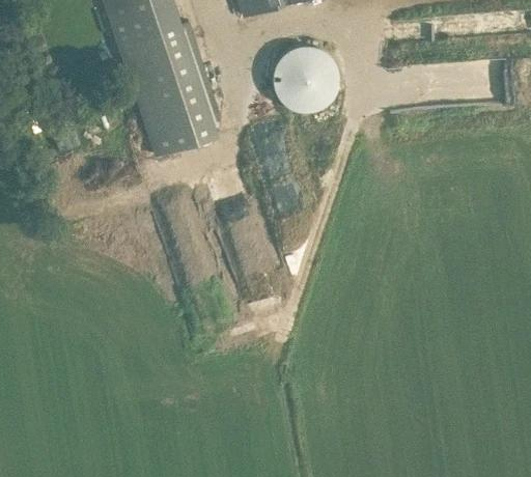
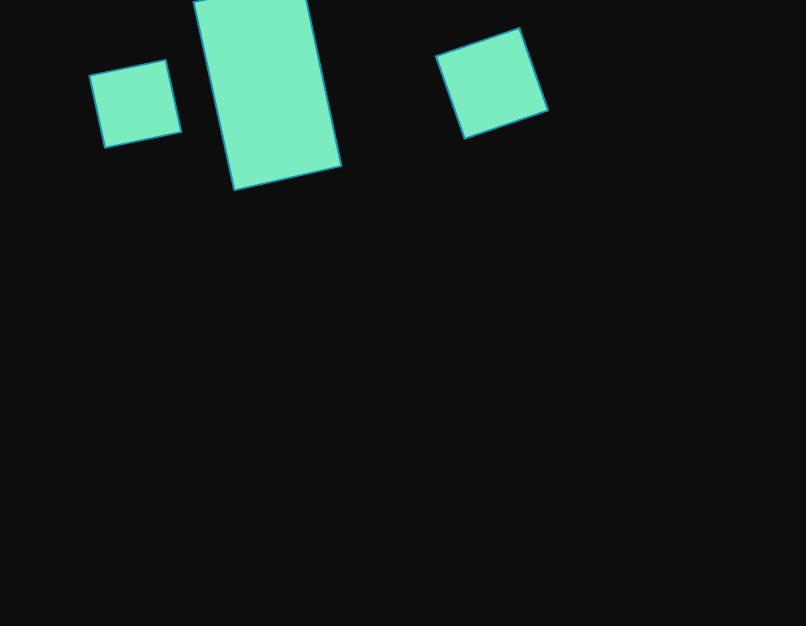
building: none -> [90,60,181,148]

